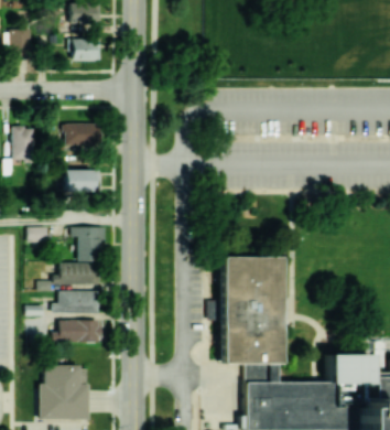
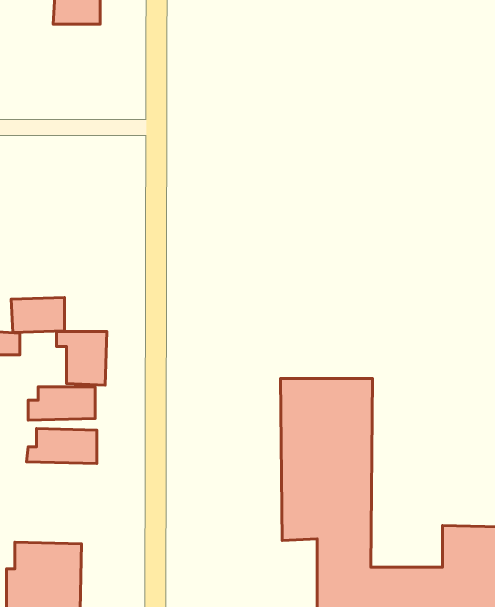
building: [73,40,104,61] -> none
building: [65,122,99,146] -> none
building: [65,169,100,192] -> [11,297,65,333]
building: [54,320,101,342] -> none

